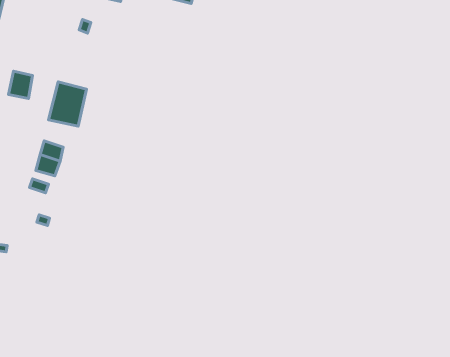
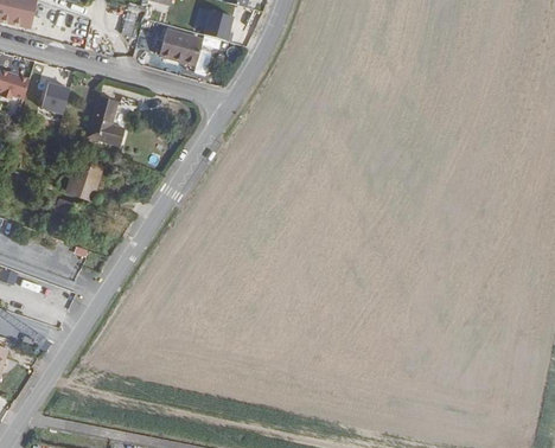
building: none -> [203,9,232,41]
building: none -> [159,30,202,64]

